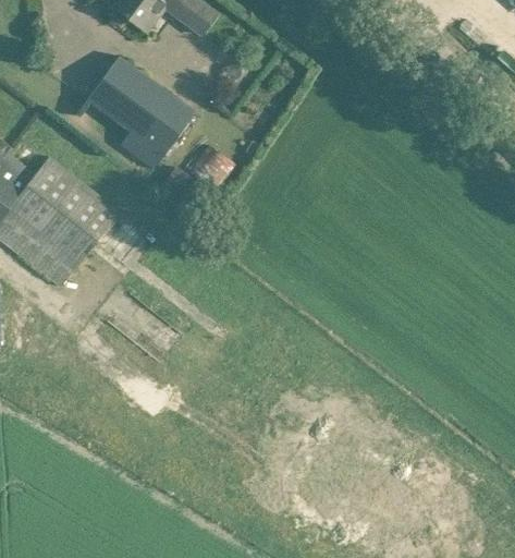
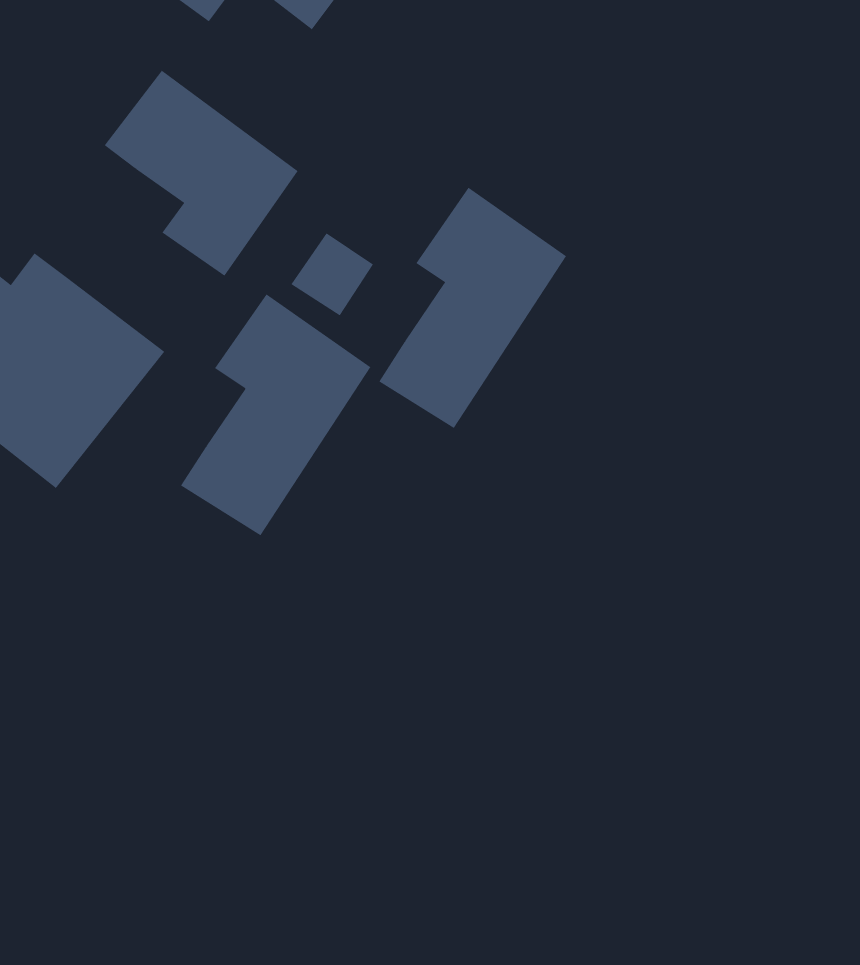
building: none -> [378,187,567,429]
building: none -> [180,293,371,536]

